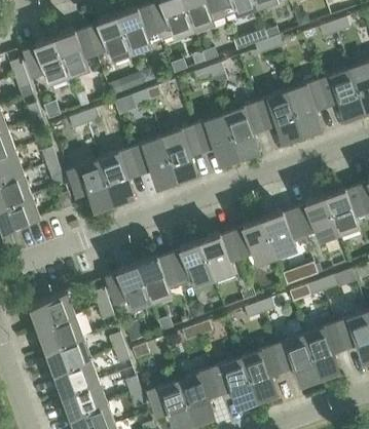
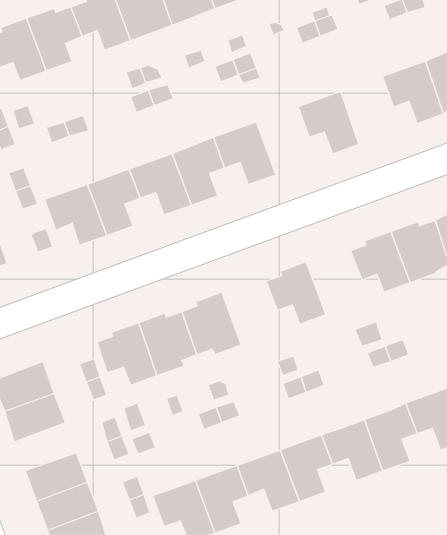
building: [287,81,326,131] -> none
building: [224,104,263,154] -> none
building: [261,210,305,258] -> none
building: [198,233,239,280] -> none
building: [44,338,90,374] -> none

